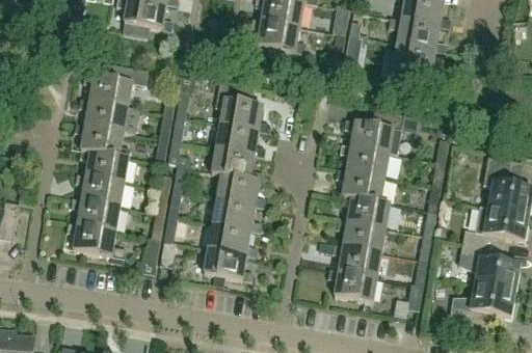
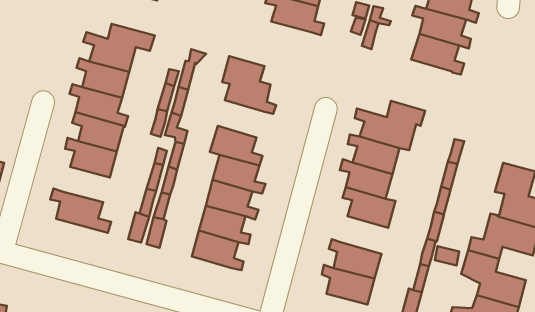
building: [216,125,265,158] -> none
building: [71,199,119,232] -> none
building: [336,221,385,254] -> none

